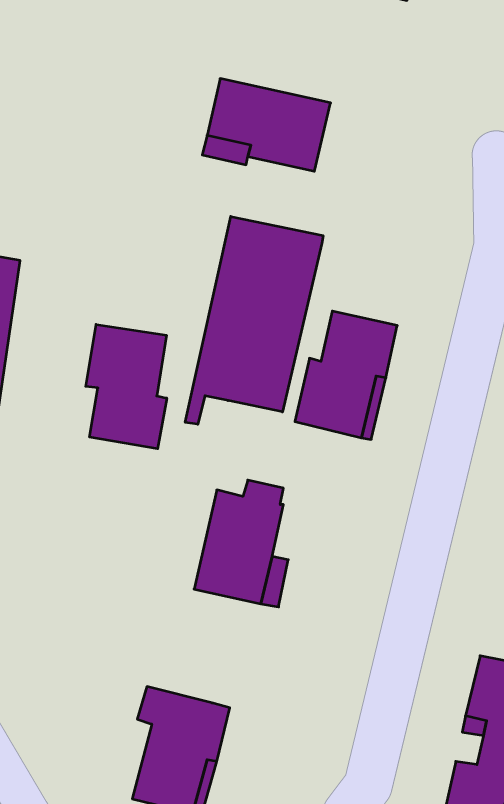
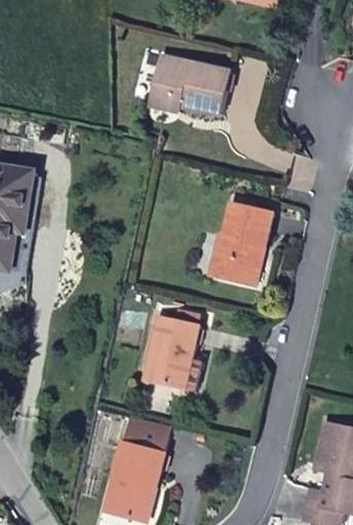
building: [185,216,323,424] -> none
building: [86,324,167,449] -> none
building: none -> [114,414,162,450]

